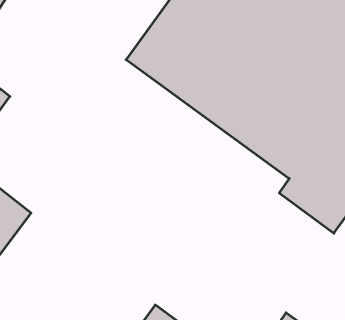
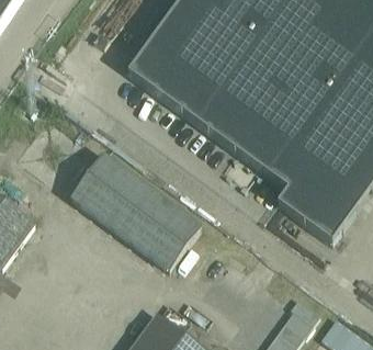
building: none -> [70,156,200,271]

